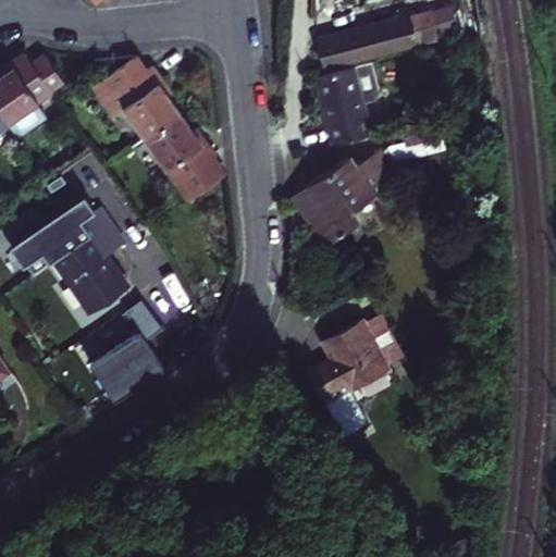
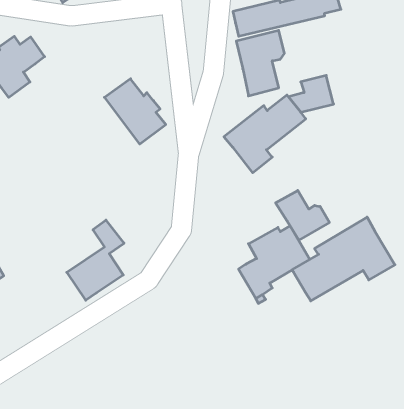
building: [87,60,175,140] -> none
building: [12,203,127,321] -> none
building: none -> [276,190,329,240]
building: none -> [292,217,395,301]

